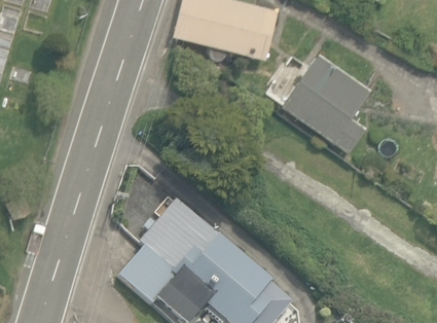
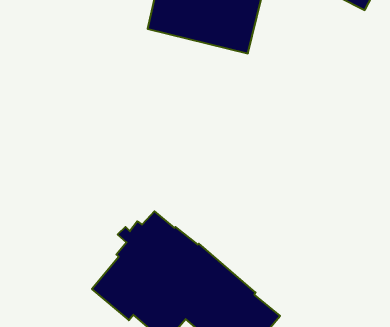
building: [282,51,370,150] -> none

